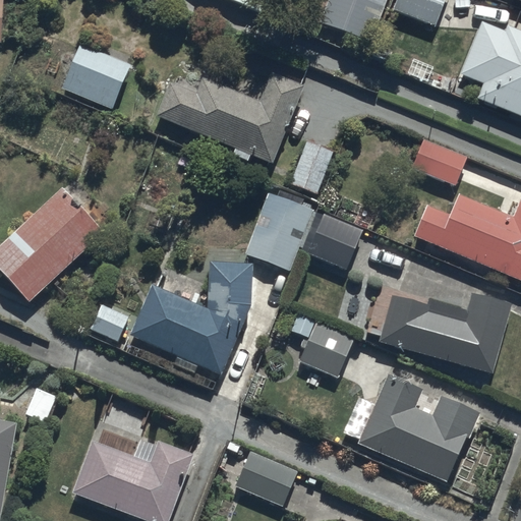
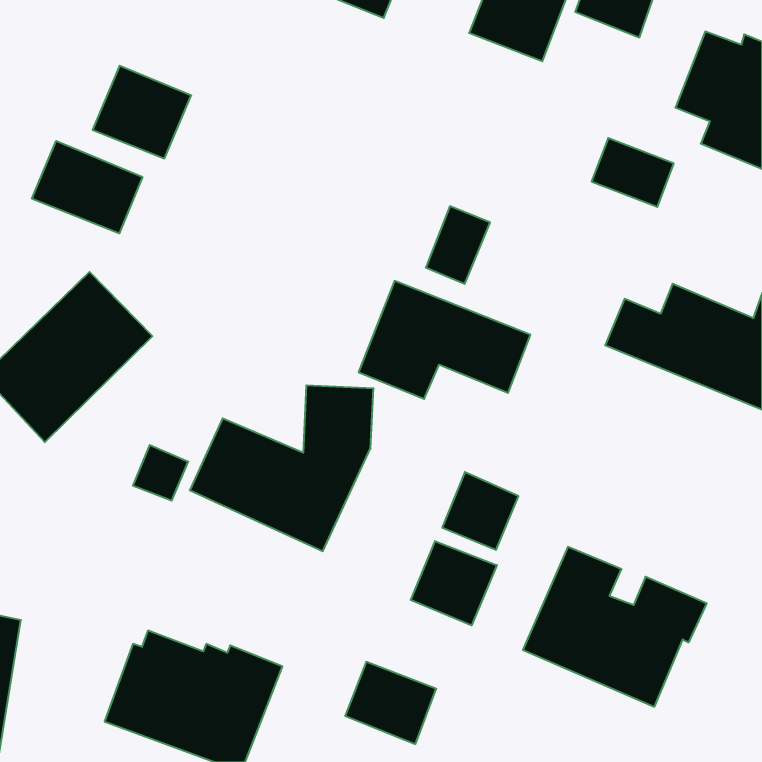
building: [156,70,303,164] -> none
building: none -> [32,141,142,233]
building: [410,138,466,185] -> [592,138,674,207]
building: [366,287,512,372] -> none
building: none -> [411,541,497,625]

